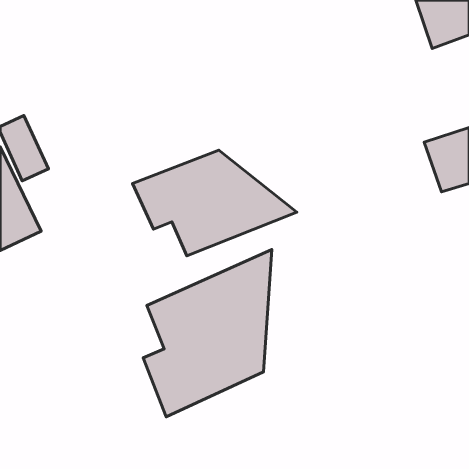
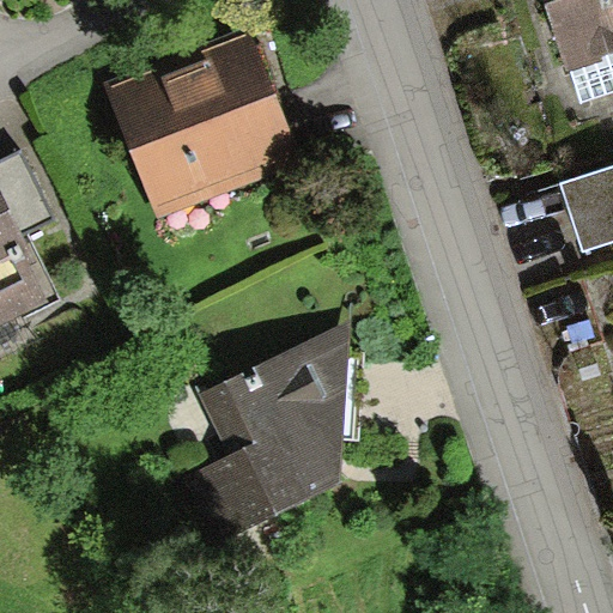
building: none -> [105,28,299,214]
building: [132,150,297,256] -> none

